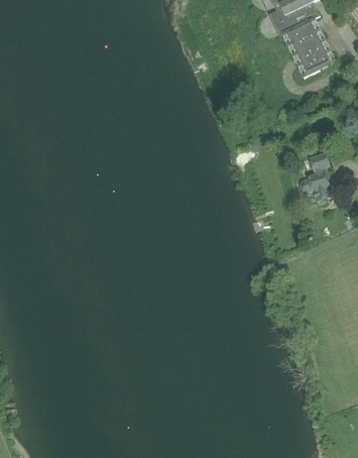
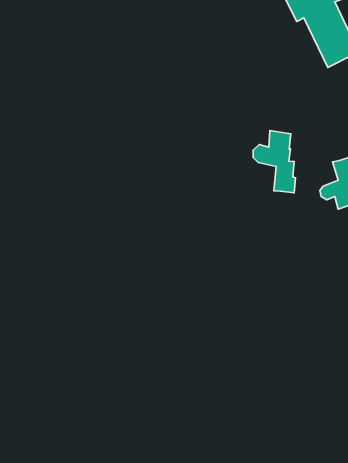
building: none -> [253,131,296,193]

